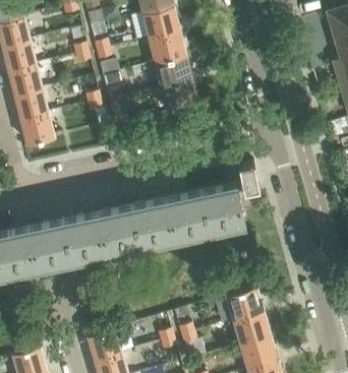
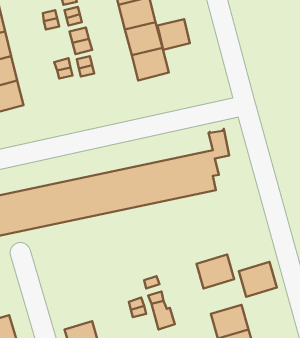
building: none -> [157,19,190,50]
building: [233,312,271,347] -> [239,262,277,297]
building: [88,329,122,362] -> none

